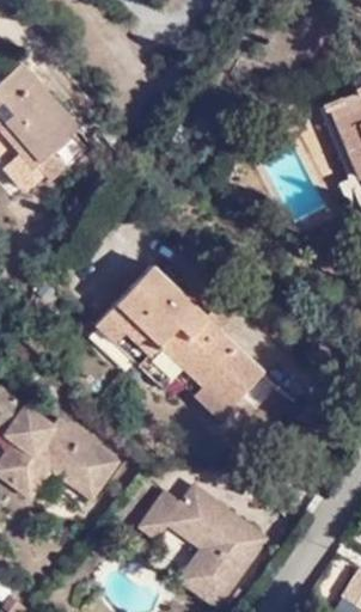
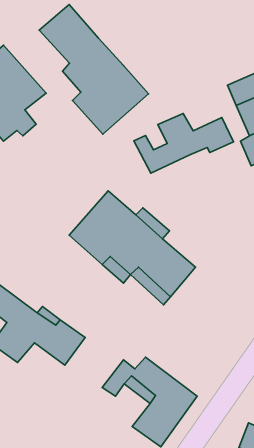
building: none -> [39,4,148,134]
building: none -> [134,113,234,173]

